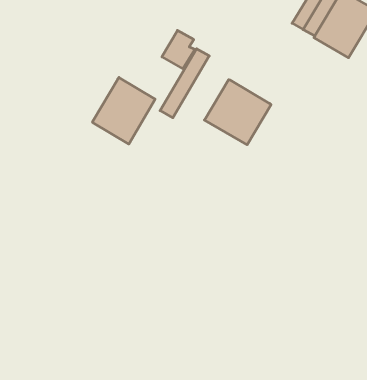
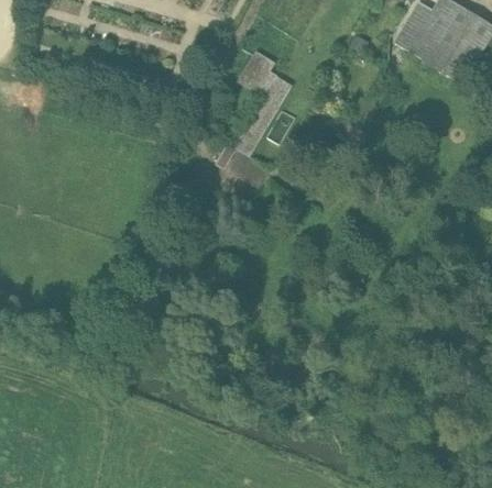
building: [93,77,155,144] -> none
building: [204,80,271,145] -> none

